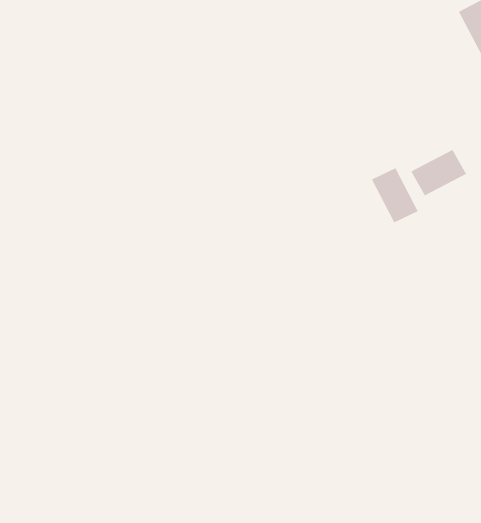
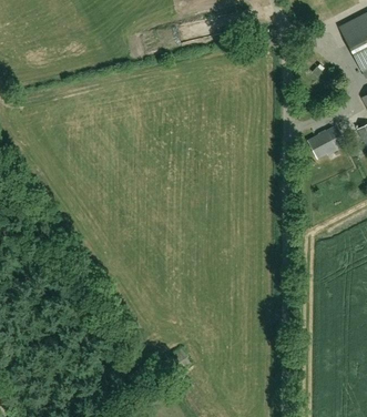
building: [371,167,419,223] -> none

